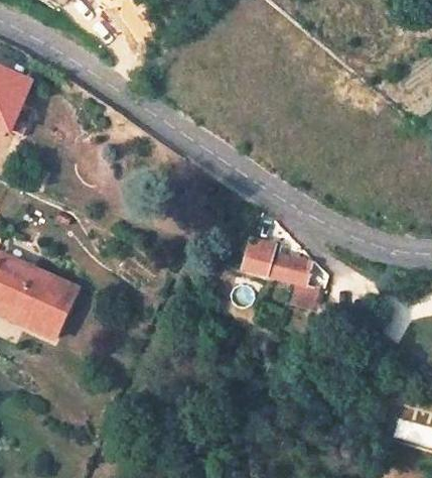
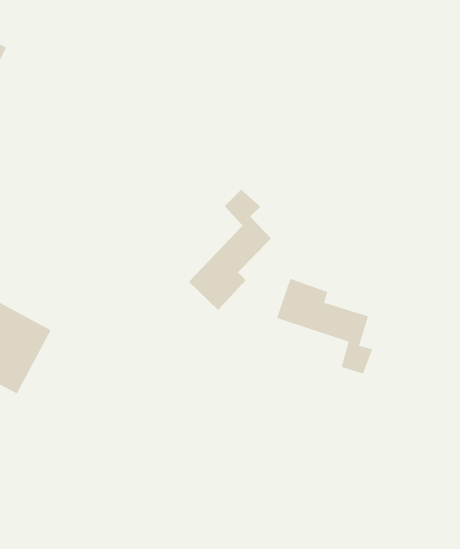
building: none -> [188,189,272,311]

